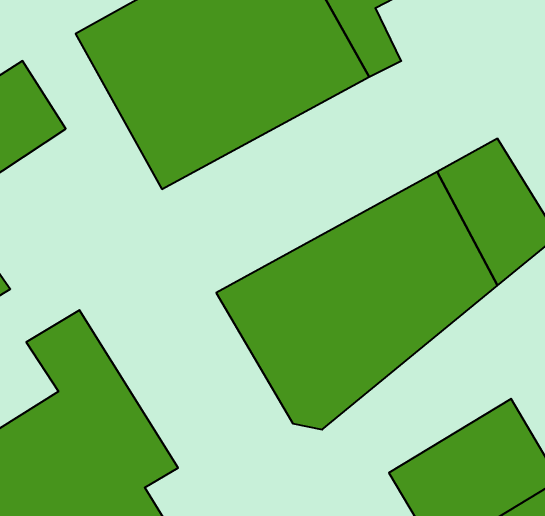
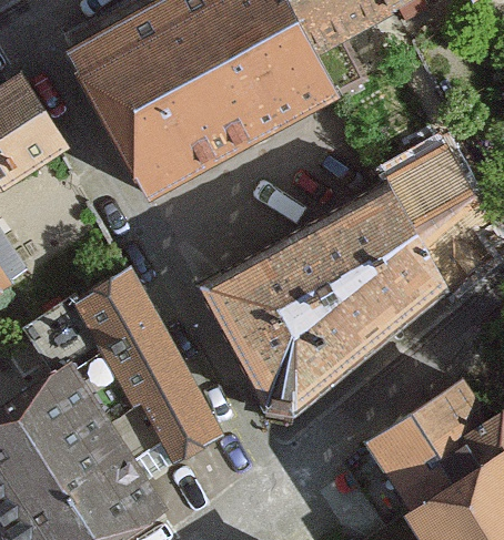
building: none -> [74,272,224,463]

